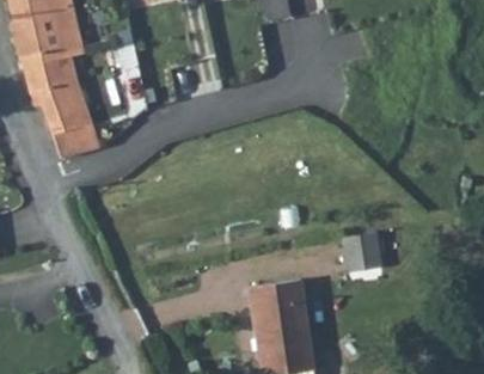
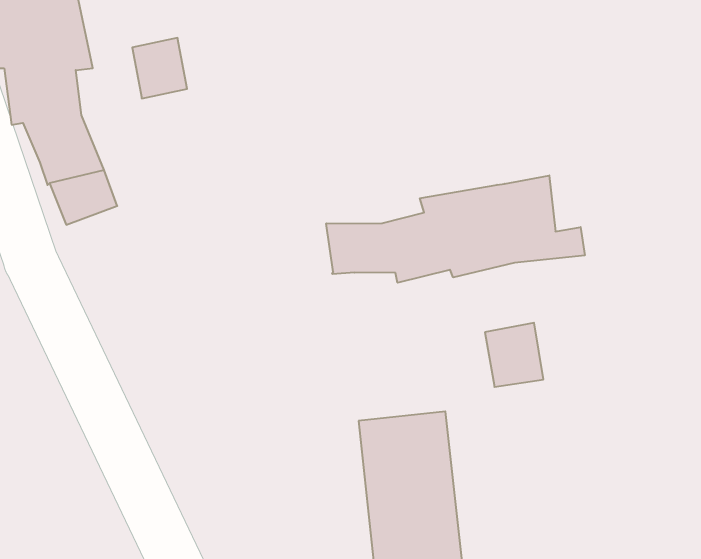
building: none -> [326,175,585,283]

